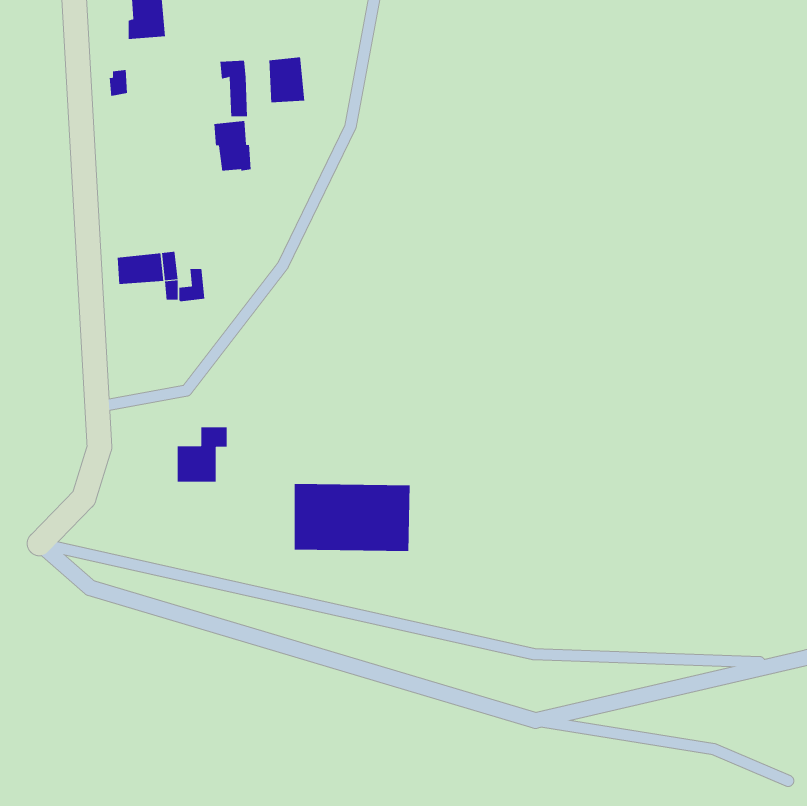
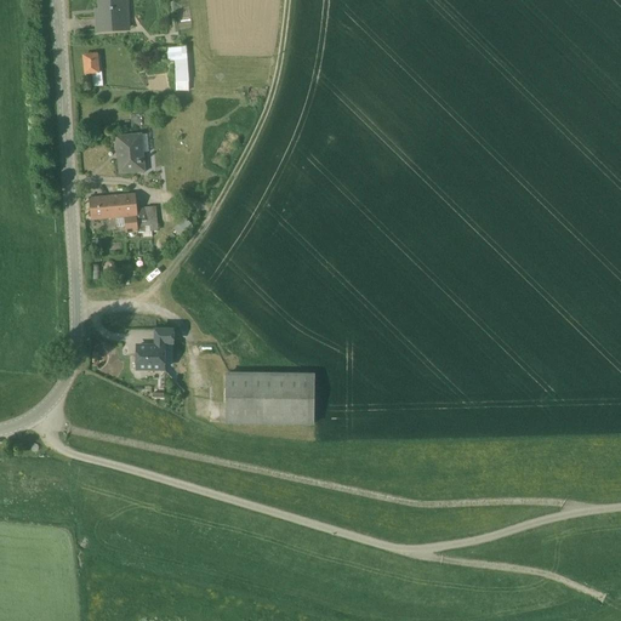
building: [269,57,305,103] -> none
building: [214,121,251,171] -> [116,133,146,172]

